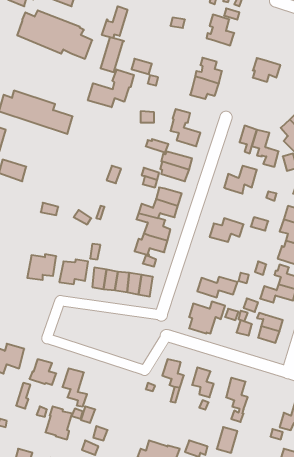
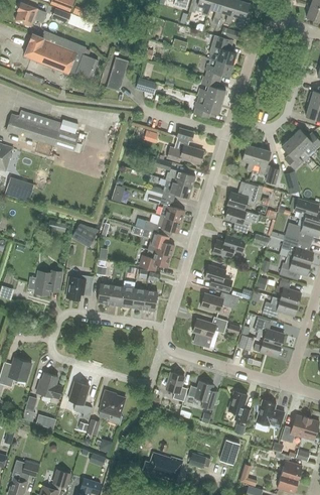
building: [102,6,127,38] -> none
building: [253,58,280,82] -> [205,57,232,81]
building: [88,69,134,107] -> none
building: none -> [224,205,259,233]
building: none -> [204,264,232,291]
building: none -> [256,399,285,425]
building: [45,406,72,439] -> [99,390,125,422]

